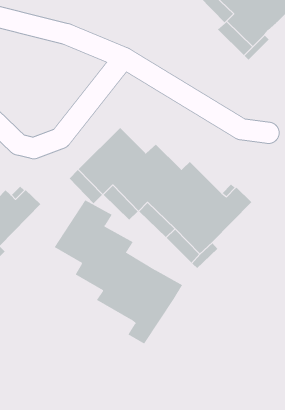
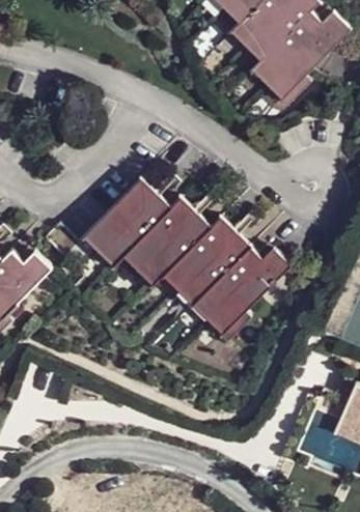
building: [54,199,183,345] -> none

